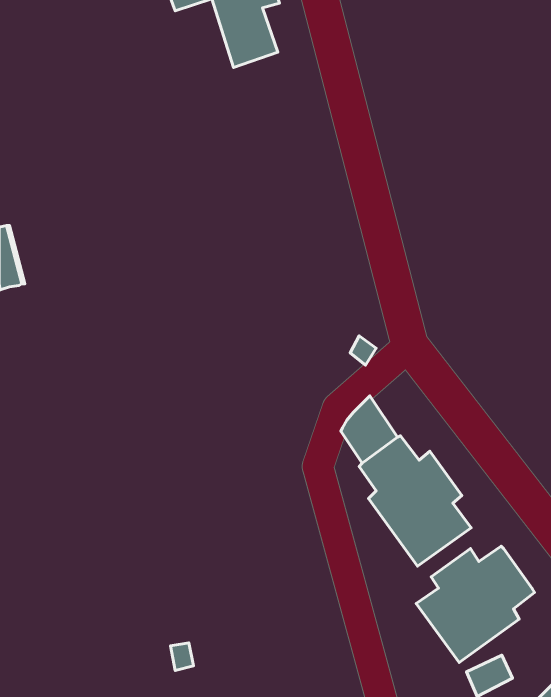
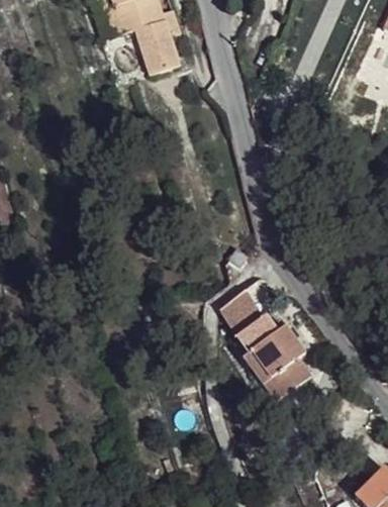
building: [416,546,534,662] -> none

